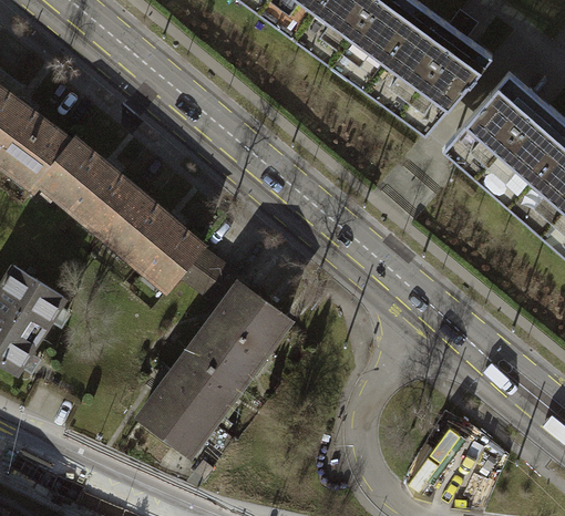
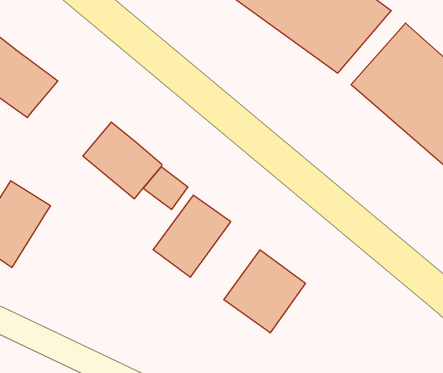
building: [40,138,140,234] -> none
building: [142,350,238,452] -> none
building: none -> [224,250,305,333]

